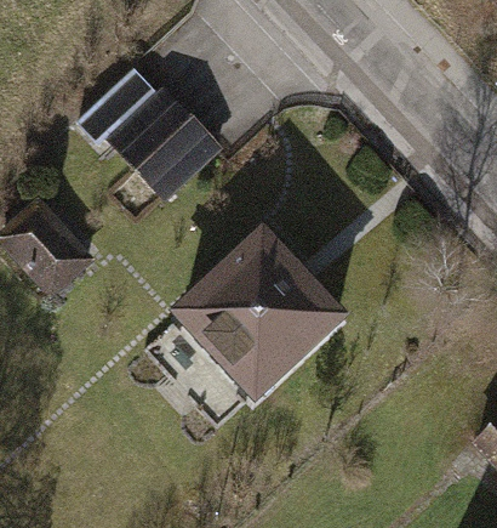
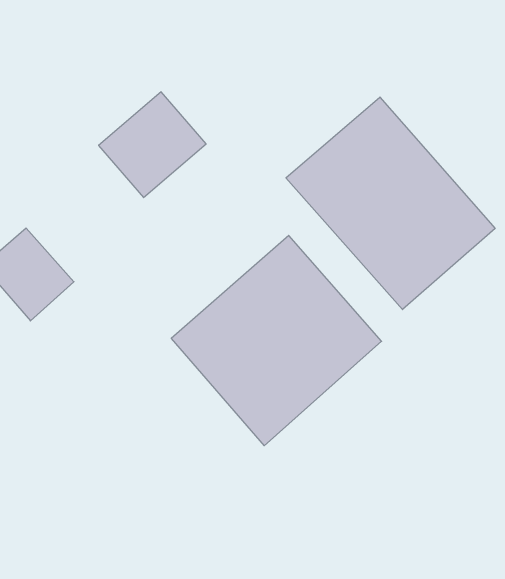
building: none -> [286,97,495,310]

